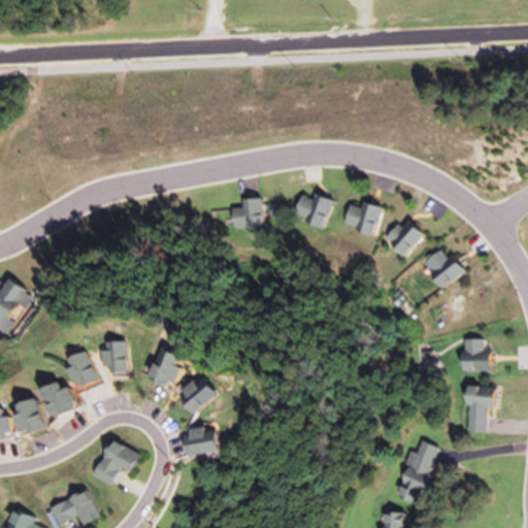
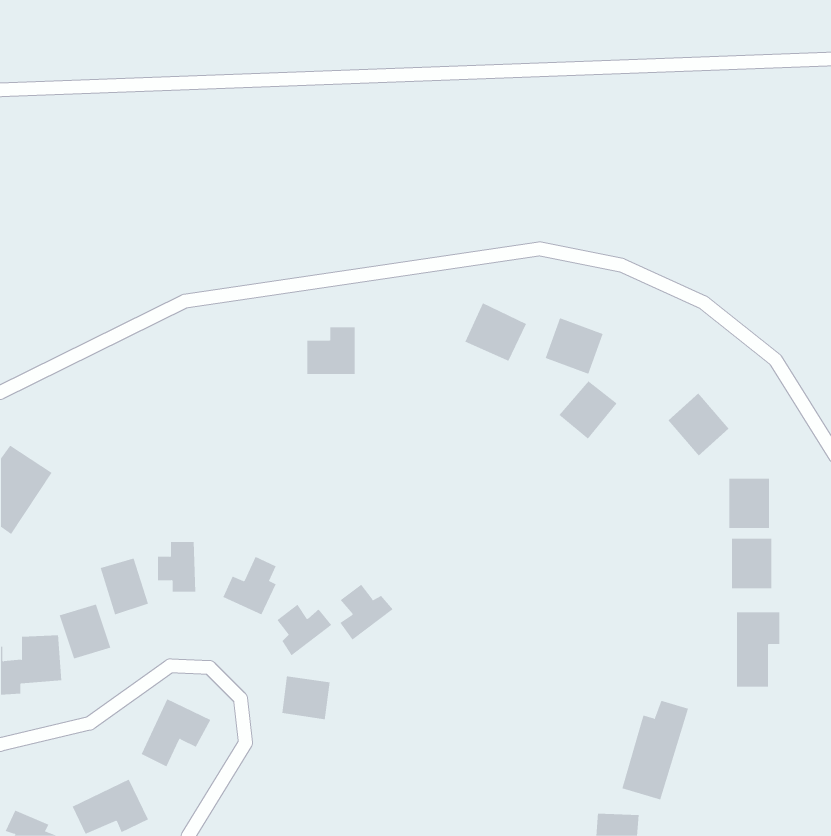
building: [235,199,266,229] -> [307,327,356,374]
building: [387,220,424,257] -> [559,380,617,439]
building: none -> [729,478,769,529]
building: none -> [340,584,393,640]

